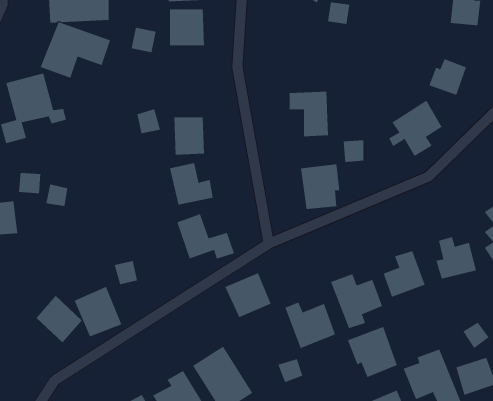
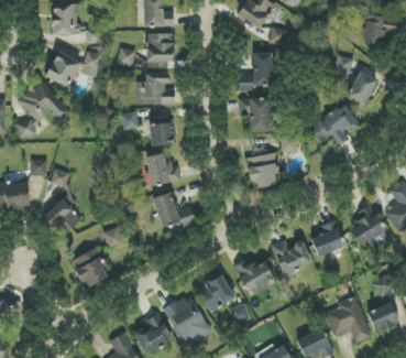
building: none -> [239,53,273,90]
building: none -> [136,73,175,104]
building: [224,272,271,318] -> [198,275,234,311]
building: [35,295,82,343] -> [45,198,81,236]
building: [347,326,397,378] -> none

